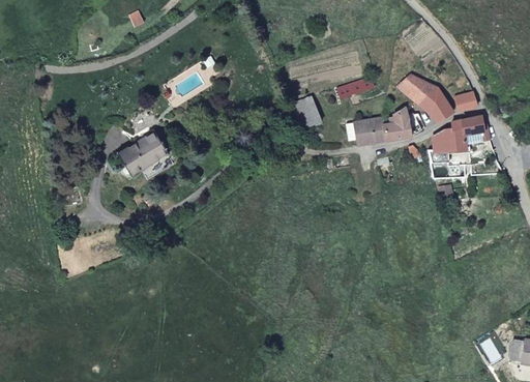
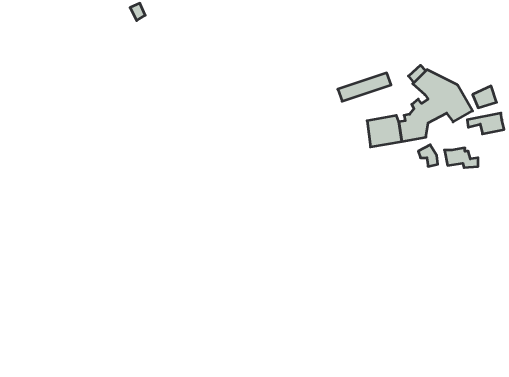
building: [292,96,323,130] -> none
building: [443,125,467,151] -> none
building: [118,131,169,175] -> none

